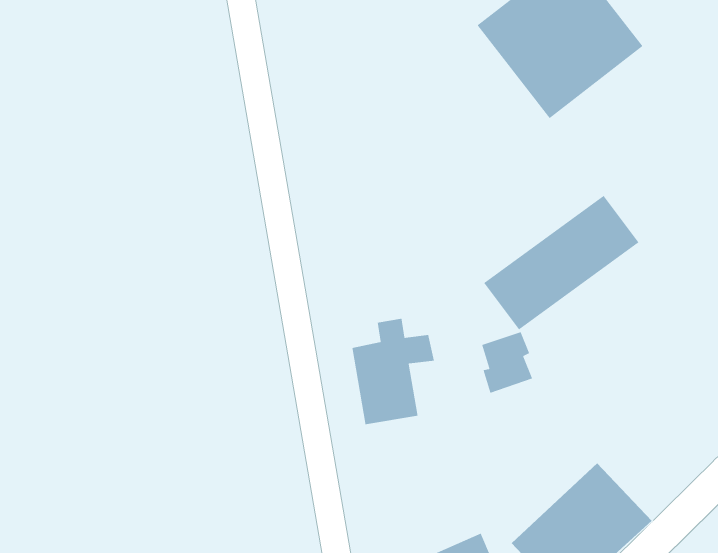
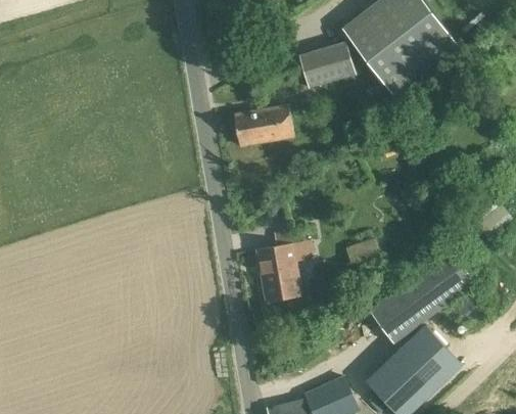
building: none -> [297,41,355,89]
building: none -> [234,105,293,145]
building: [483,195,640,331] -> [366,249,473,342]

